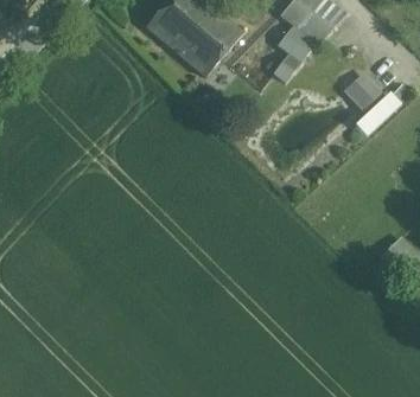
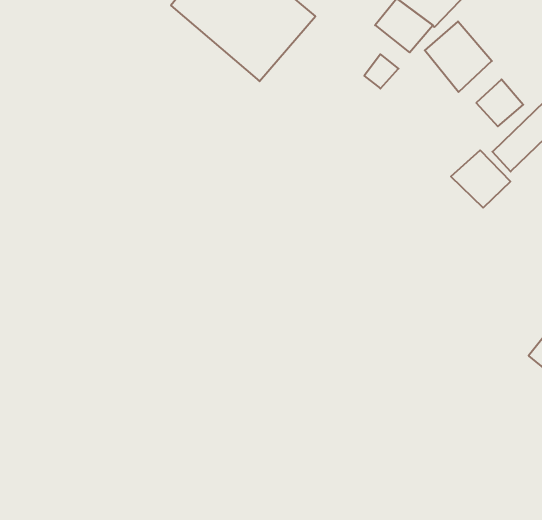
building: none -> [425,21,492,92]
building: none -> [451,150,510,208]

